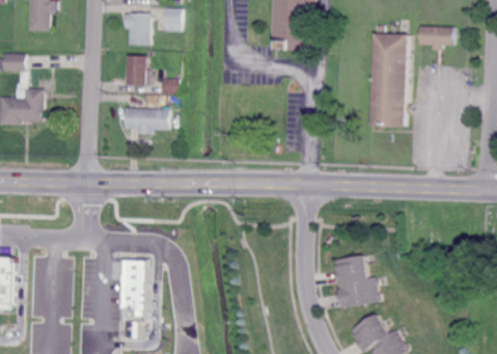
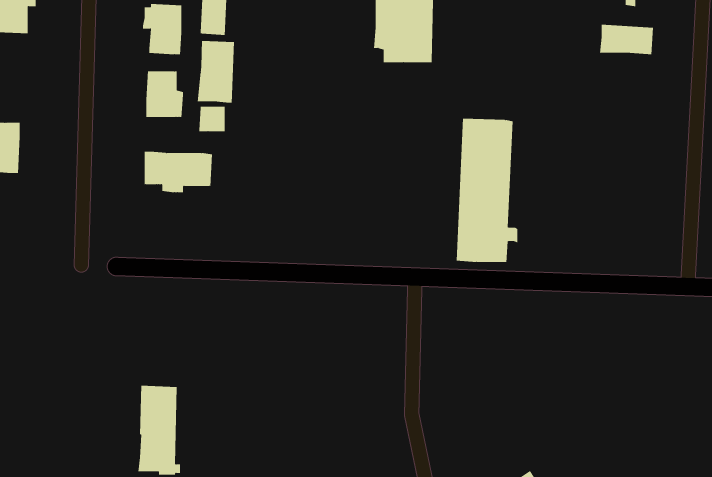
building: [370,32,411,126] -> [456,118,518,262]
building: none -> [197,40,235,104]
building: [331,256,379,308] -> none

